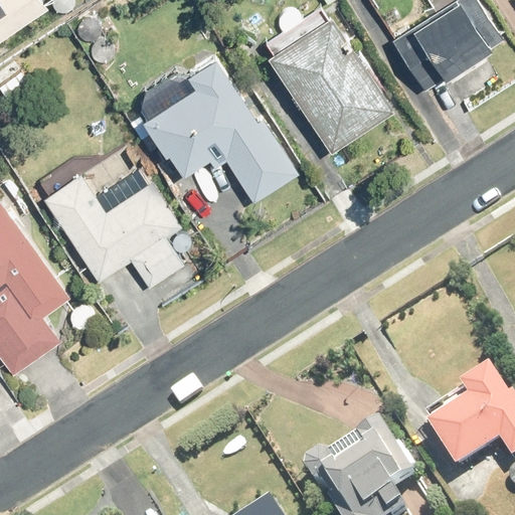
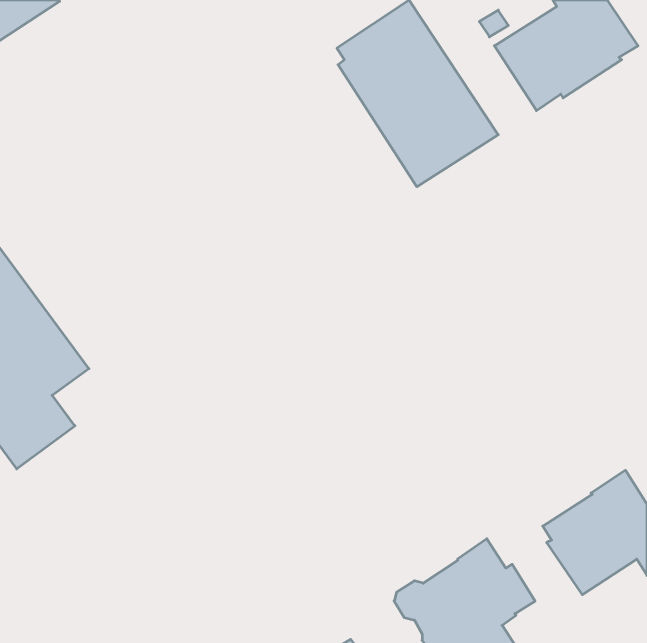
building: [141,57,299,201] -> none
building: [44,176,183,289] -> none

